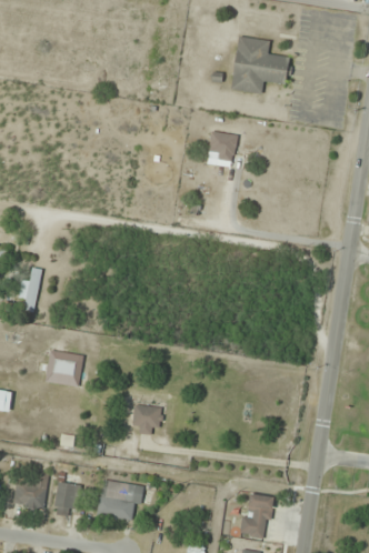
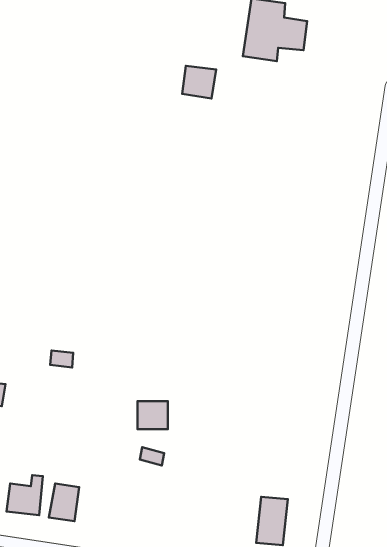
building: [207,131,238,161] -> [182,66,216,99]
building: [17,268,42,312] -> none
building: [97,480,143,520] -> none

